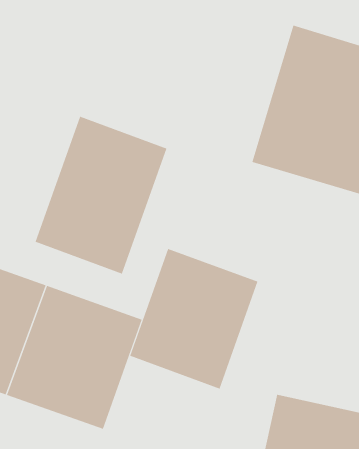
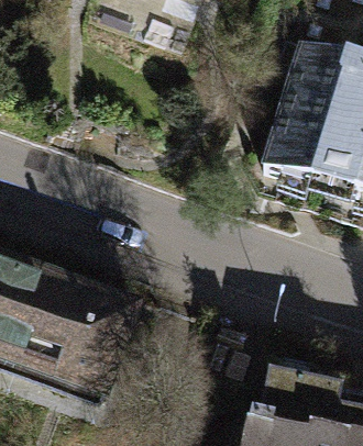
building: [35,116,167,275] -> none
building: [129,248,258,389] -> none

